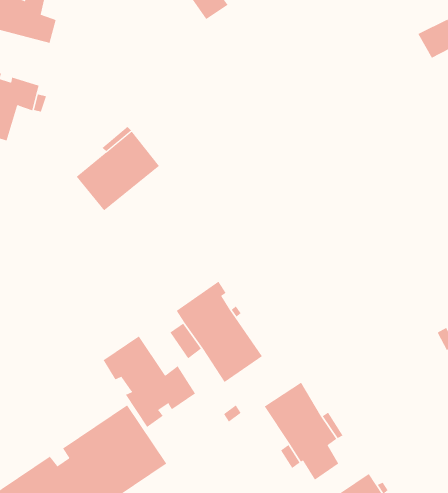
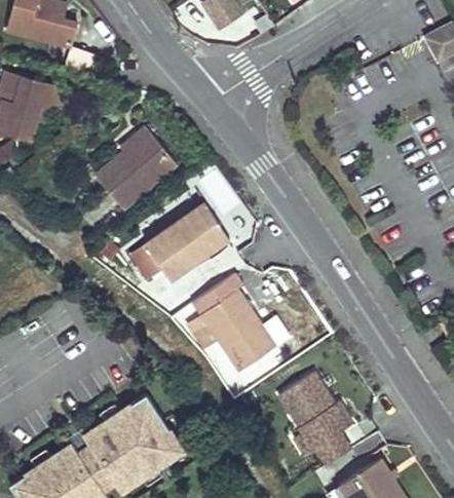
building: none -> [144,201,228,278]
building: [103,335,196,428] -> none

